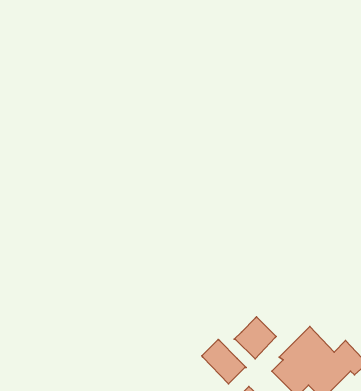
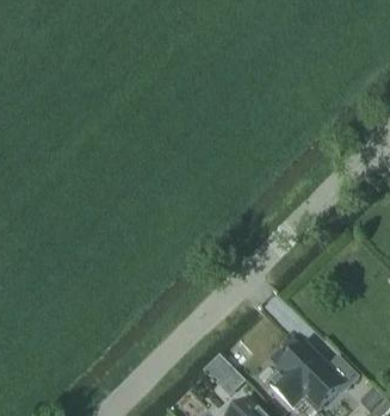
building: [234,317,276,359] -> none

